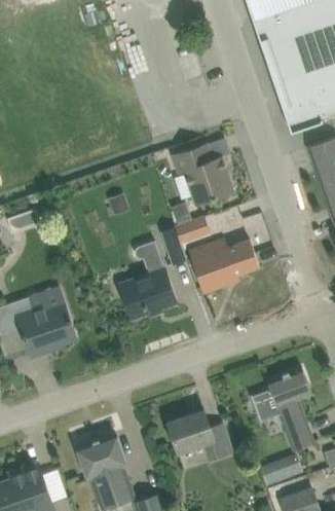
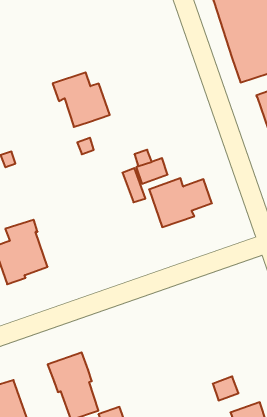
building: [170,144,233,205] -> [53,72,110,127]
building: [118,241,177,319] -> none
building: [250,367,314,451] -> none
building: [168,410,232,463] -> none

